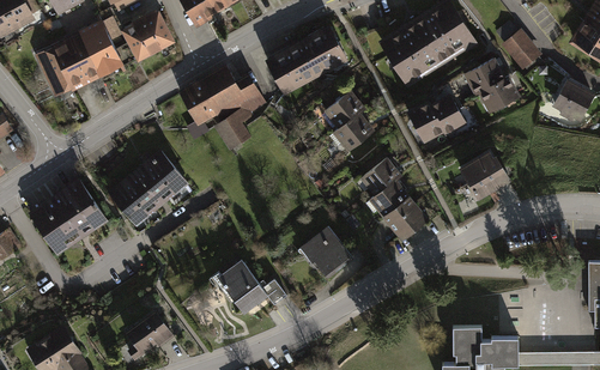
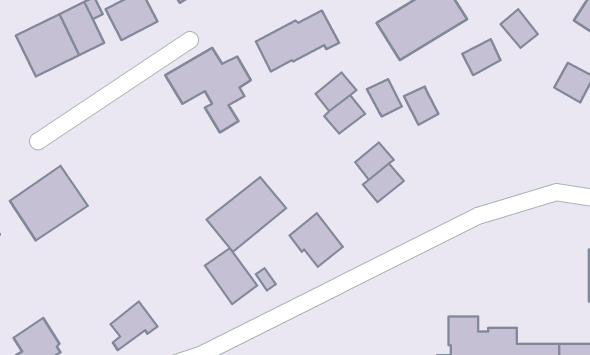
building: [481,78,517,111] -> none
building: [431,99,465,135] -> [367,79,402,117]
building: [109,153,186,225] -> [207,177,286,252]
building: [460,154,505,195] -> none
building: [383,198,425,239] -> none

